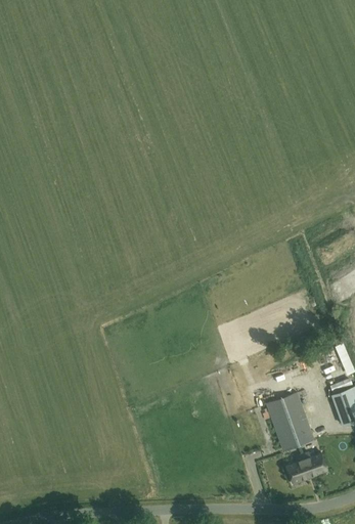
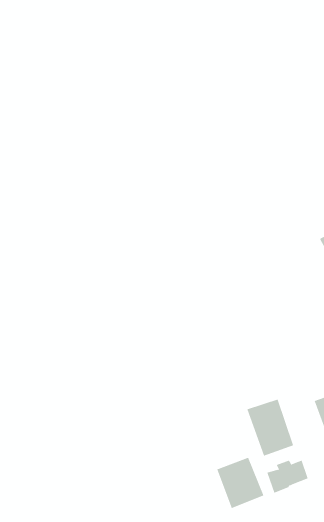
building: none -> [216,457,264,509]

